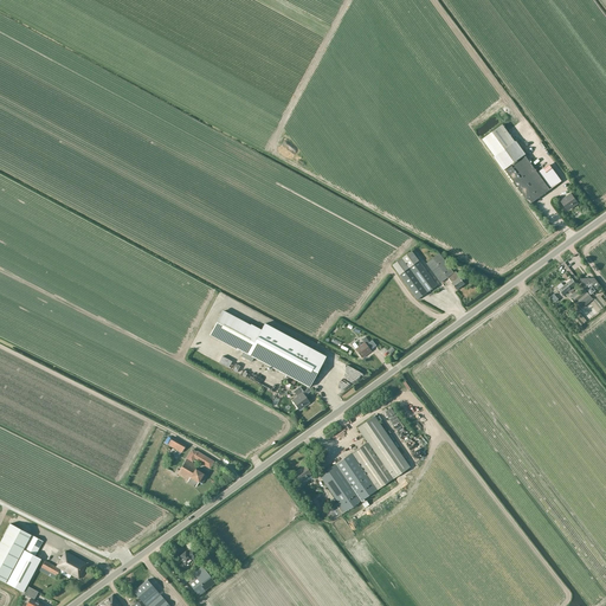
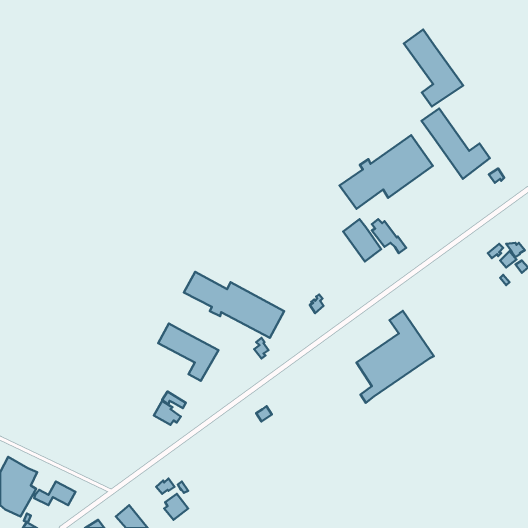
building: none -> [404,30,463,106]
building: none -> [340,135,433,209]
building: none -> [158,323,218,381]
building: [320,417,408,522] -> [356,311,434,403]

